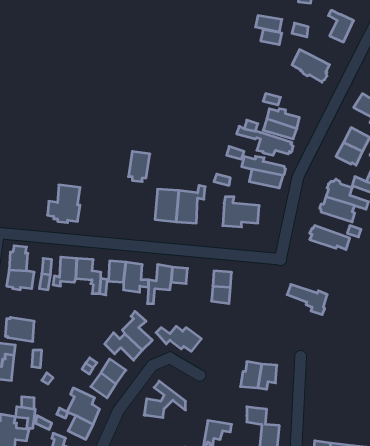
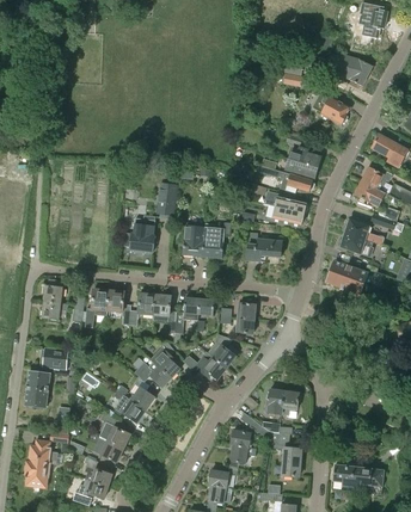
building: [47,185,80,223] -> [124,217,155,253]
building: [287,284,327,315] -> [326,273,364,302]
building: none -> [208,334,239,368]
building: [144,381,186,418] -> [231,413,270,448]

